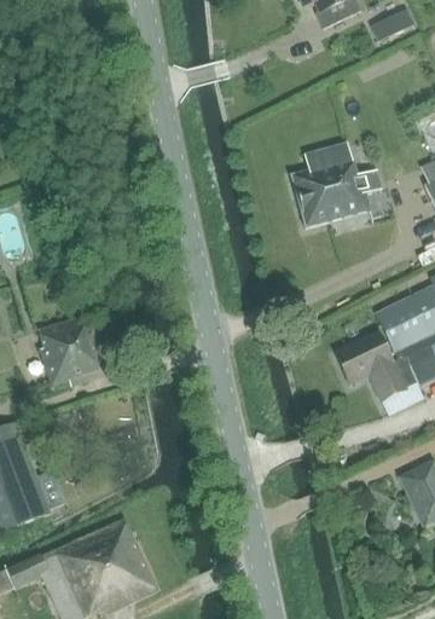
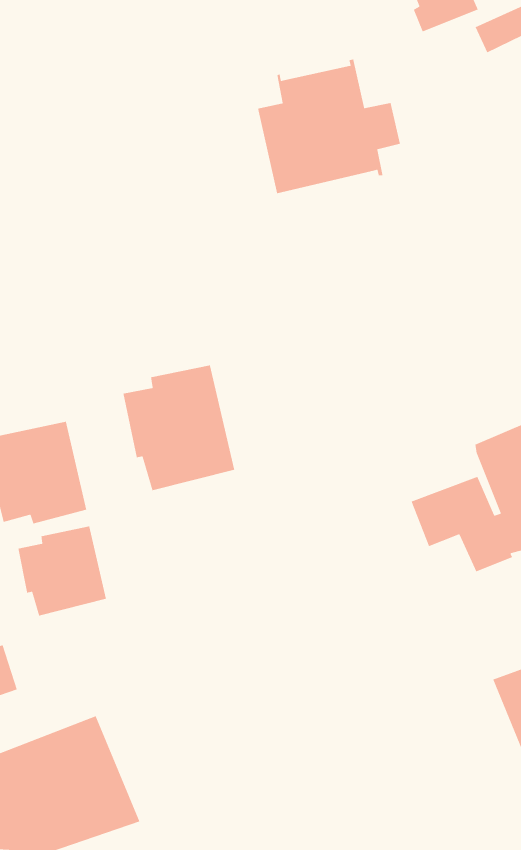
building: [286,135,388,233] -> [257,58,401,194]
building: none -> [123,365,235,491]
building: none -> [17,525,107,616]

